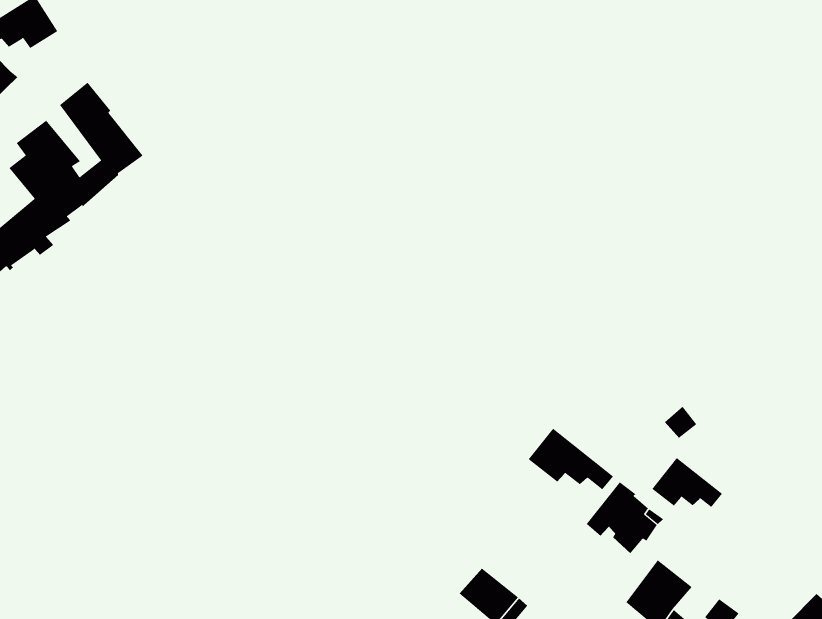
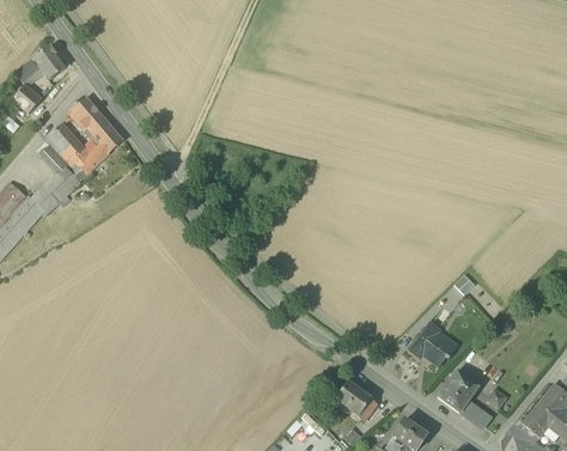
building: [528,428,614,490] -> none
building: [652,457,723,508] -> none

